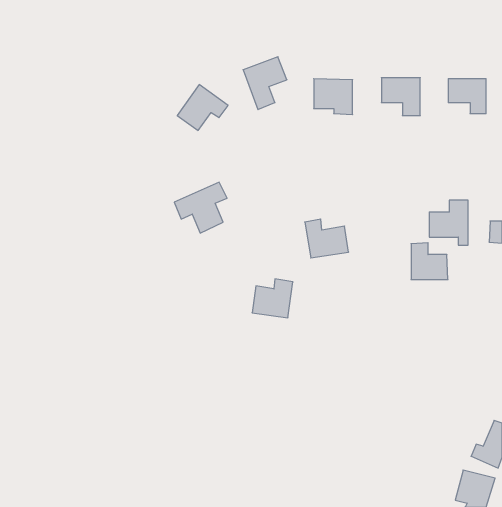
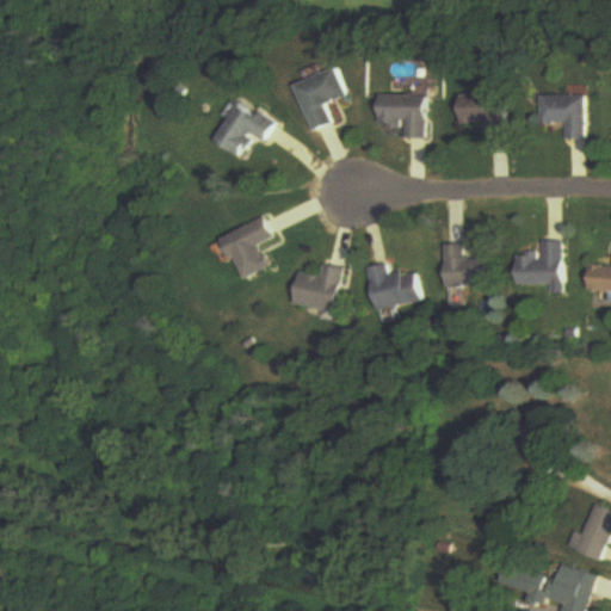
building: [411,243,448,280] -> [442,242,486,286]
building: [252,279,293,318] -> [292,264,341,310]

